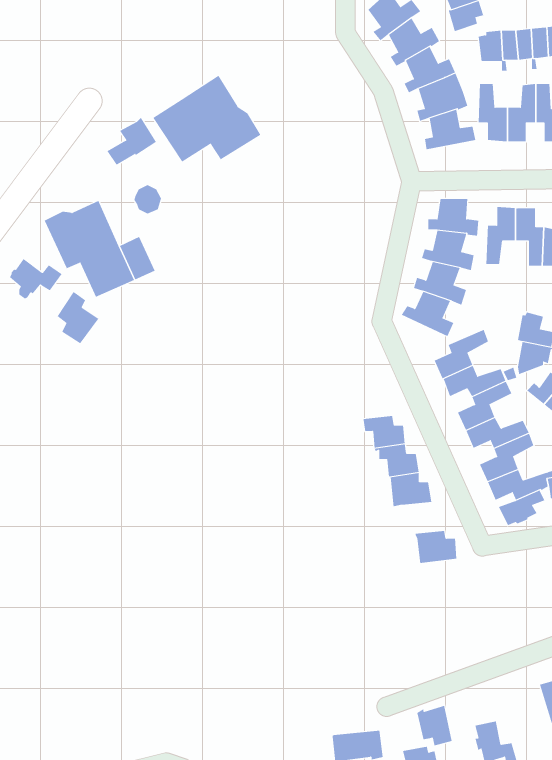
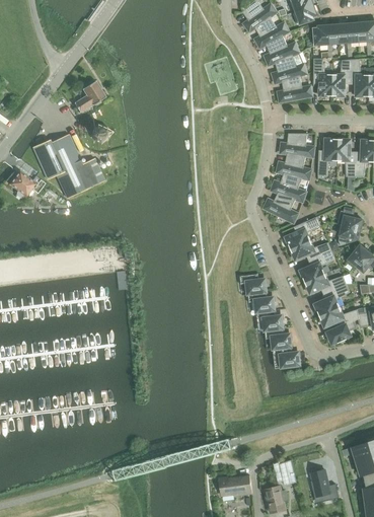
building: [153,75,261,163] -> none
building: [57,291,99,344] -> none
building: none -> [264,328,292,349]

